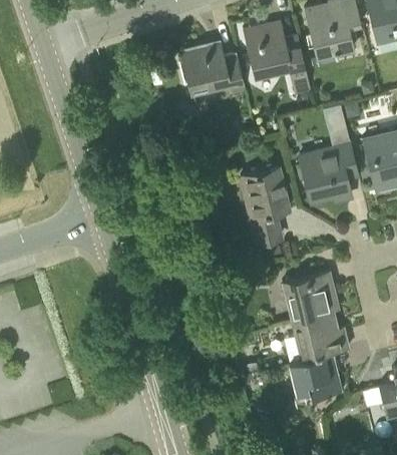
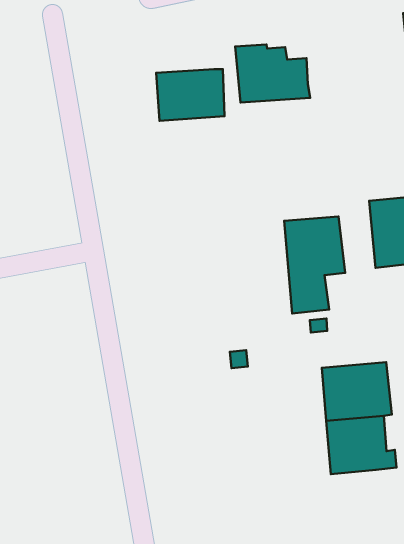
building: [243,24,311,96] -> none
building: none -> [156,69,225,121]
building: [288,353,342,400] -> none

